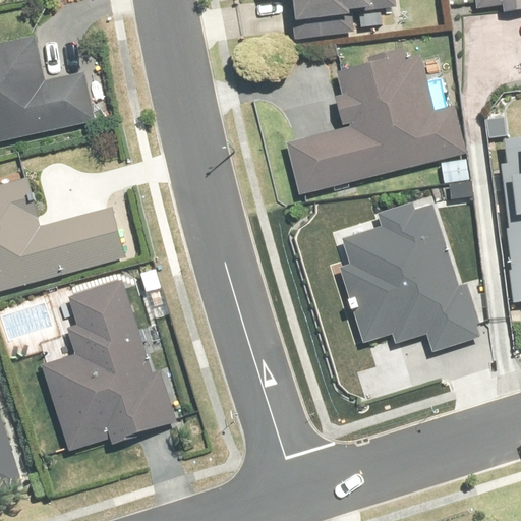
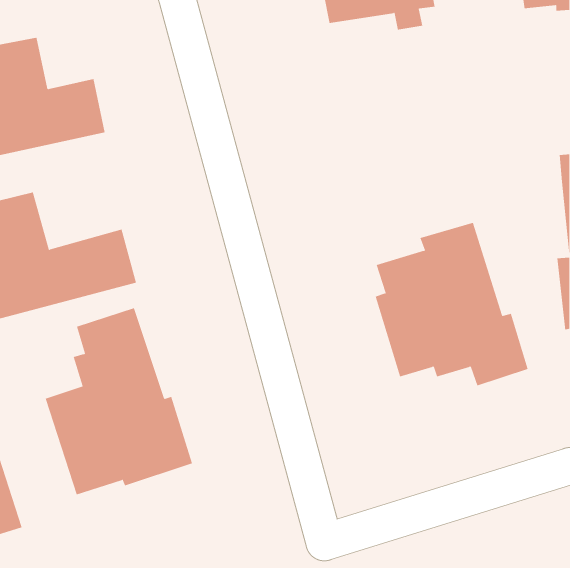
building: [287,53,466,193] -> none

